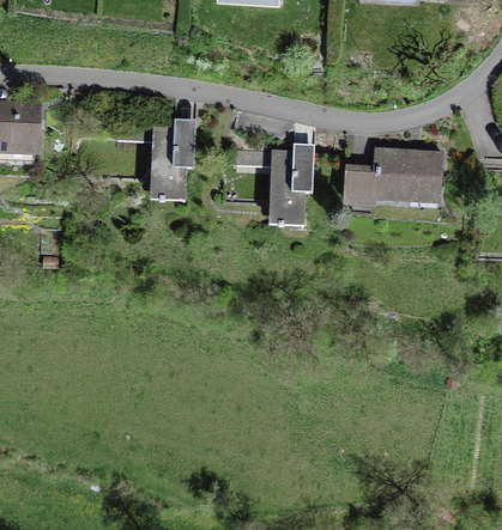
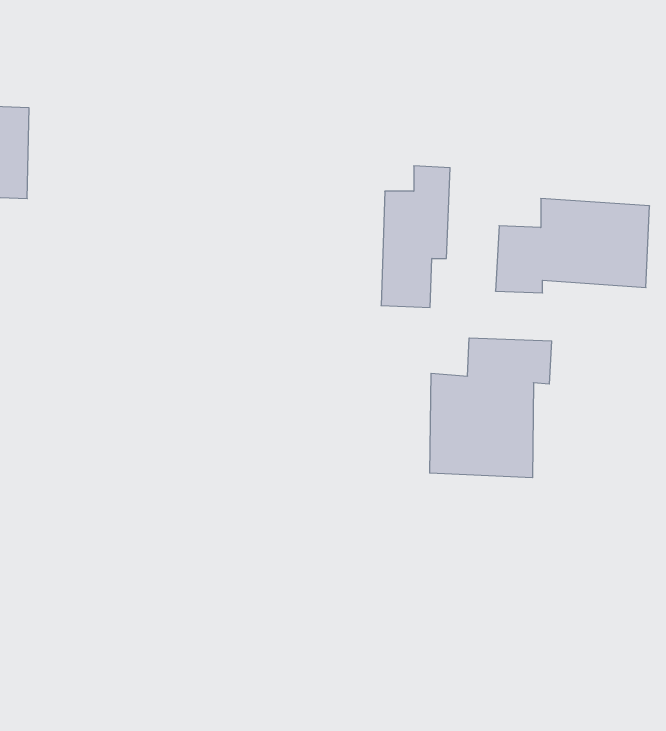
building: [151,110,196,203] -> none
building: none -> [430,338,552,478]

